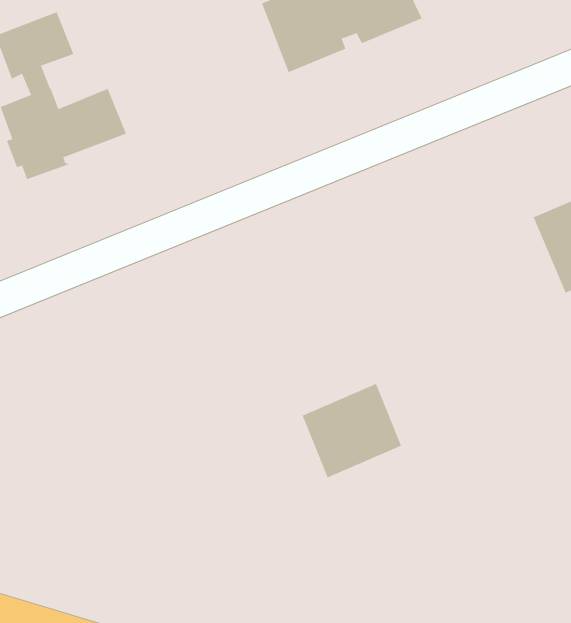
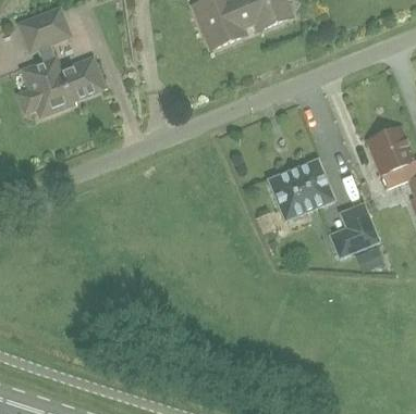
building: none -> [330,204,377,258]
building: [302,383,402,478] -> [268,160,332,221]

